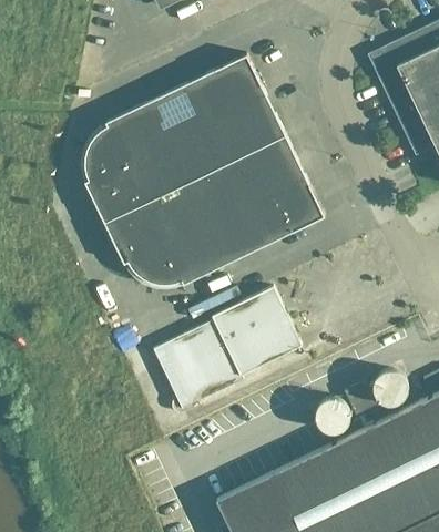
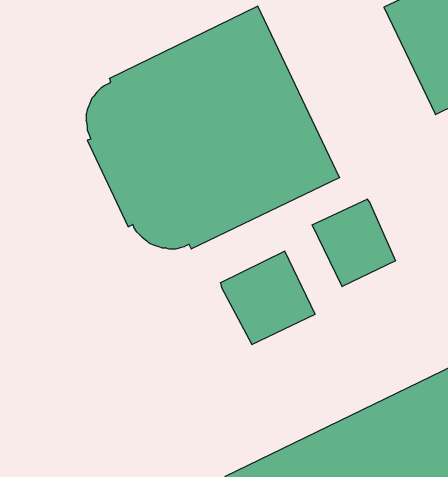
building: none -> [312,199,395,287]
building: [153,320,243,413] -> none

